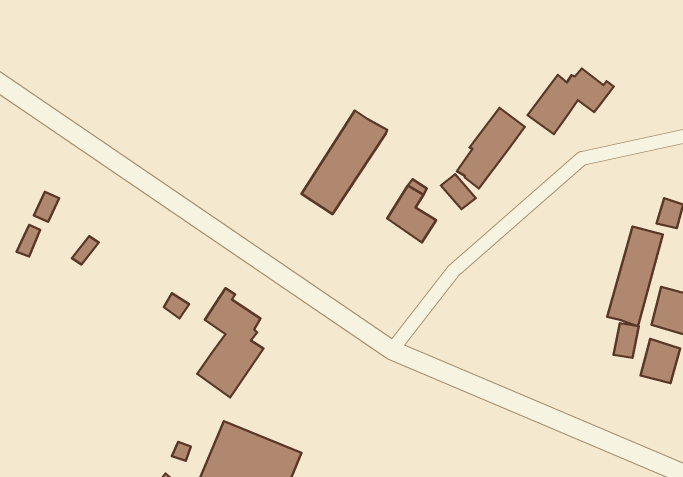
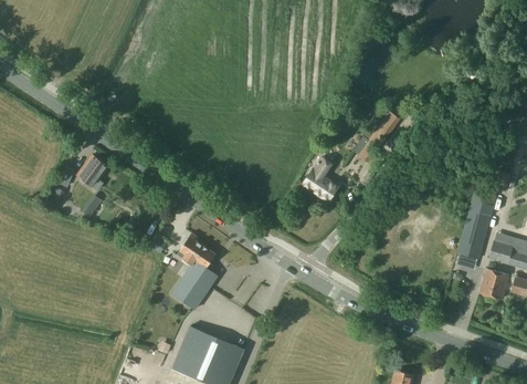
building: [527,68,614,134] -> none
building: [301,110,387,214] -> none
building: none -> [77,154,108,187]

